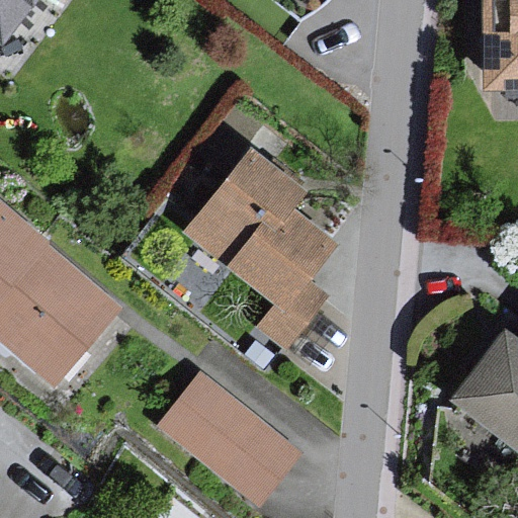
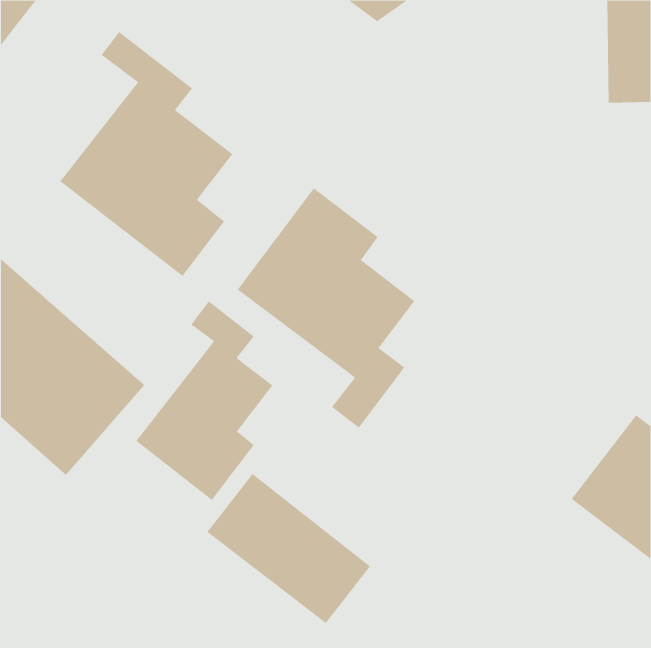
building: none -> [60,31,233,277]
building: none -> [136,300,273,501]

